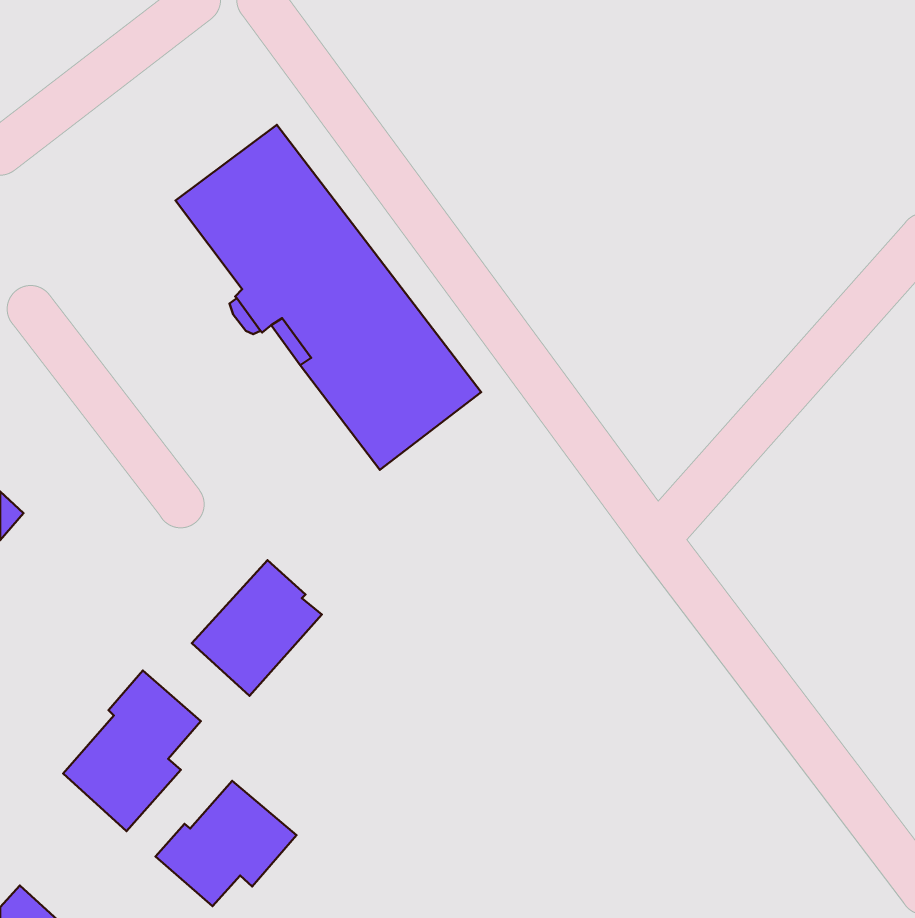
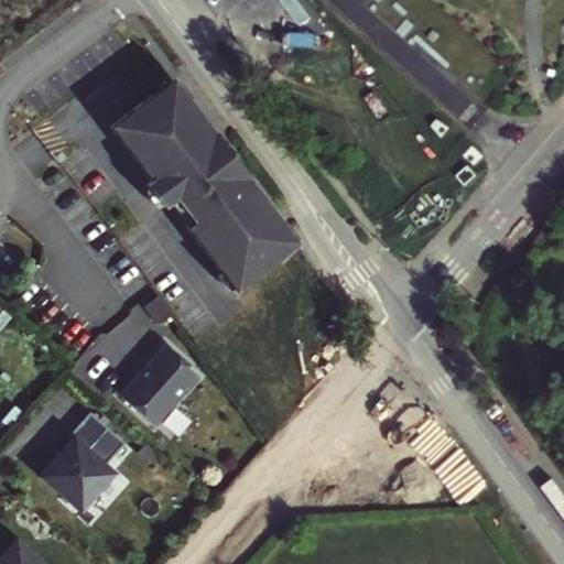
building: [155,781,297,906] -> none

